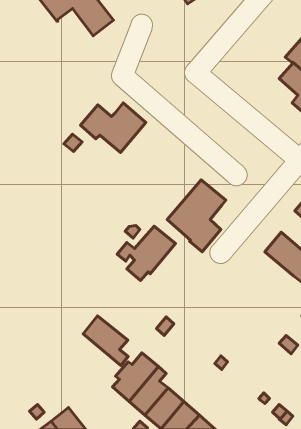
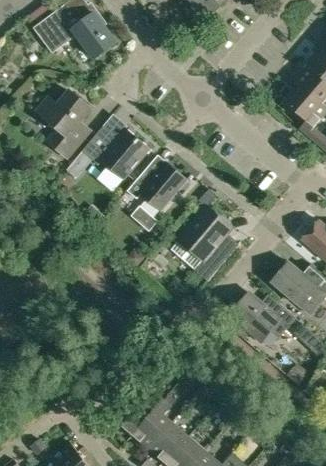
building: none -> [38,92,90,159]
building: [117,226,176,281] -> [128,163,188,219]
building: none -> [231,294,296,343]
building: [83,316,128,365] -> none

